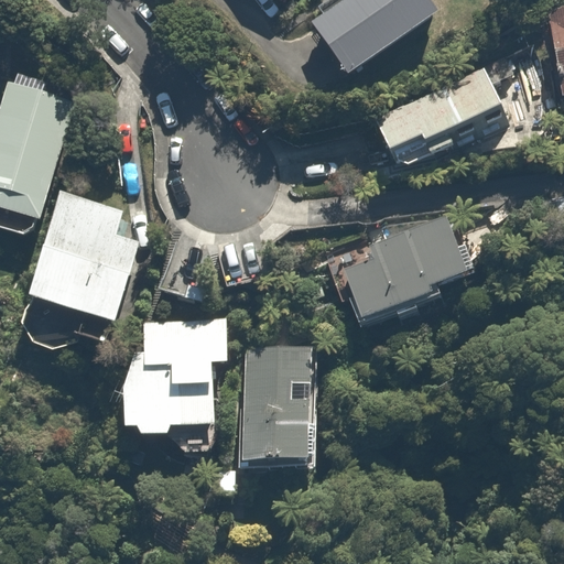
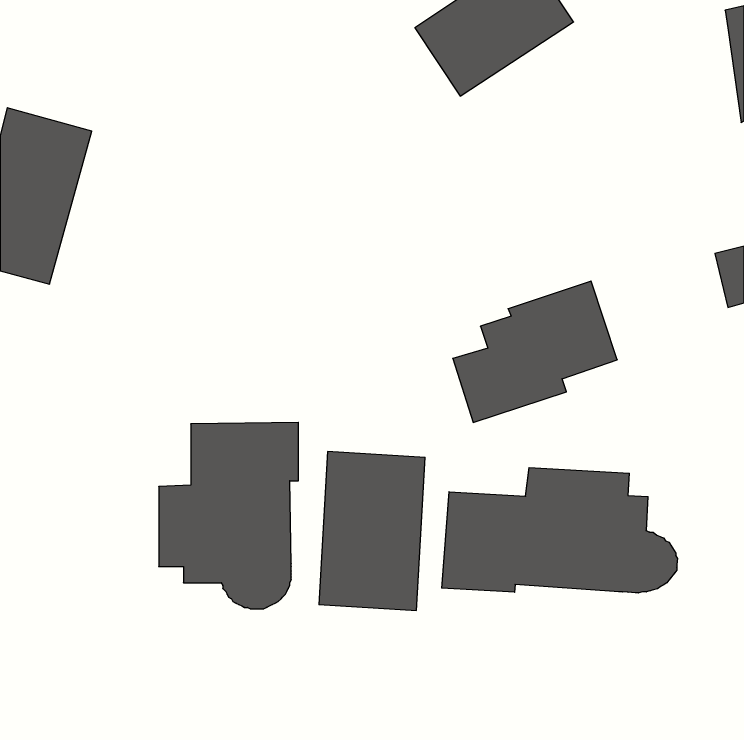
building: [368,68,497,160] -> none
building: [21,191,137,352] -> none
building: none -> [442,468,677,593]

